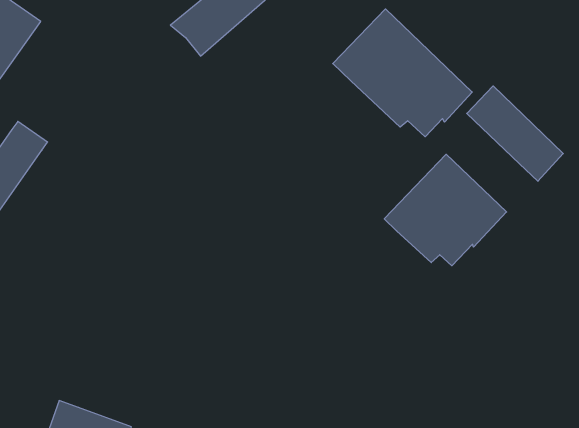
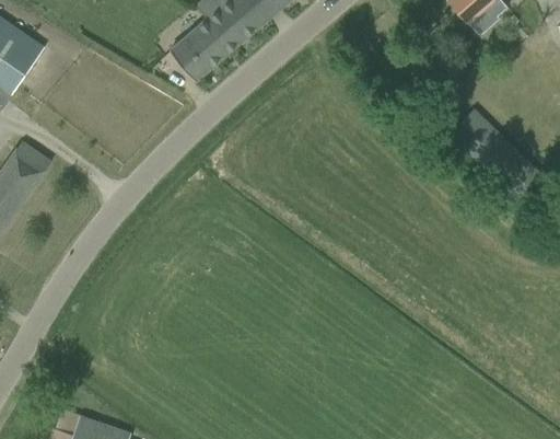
building: [333,9,472,137] -> none
building: [384,154,507,266] -> none

